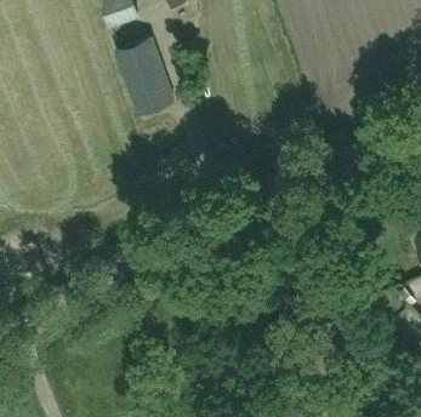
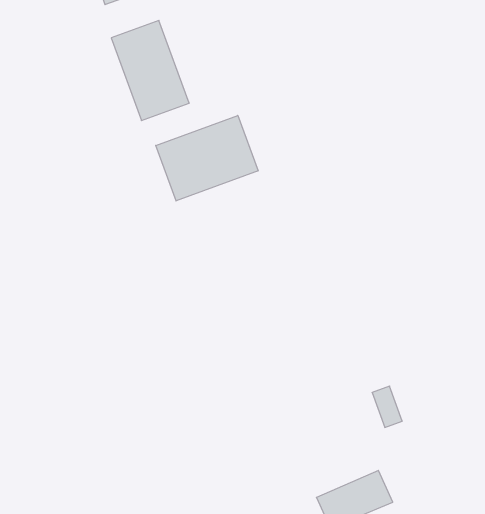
building: none -> [156,115,258,201]

